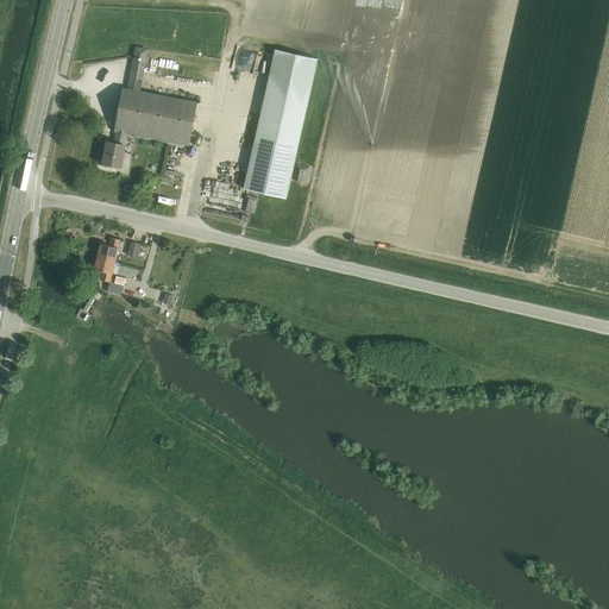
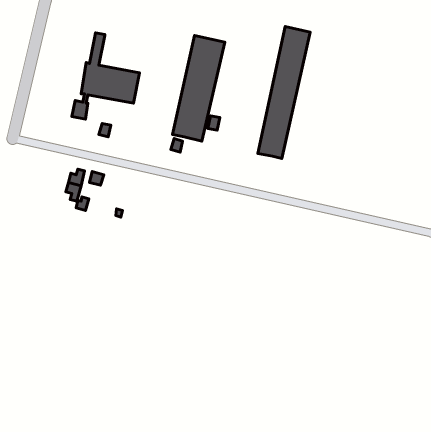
building: none -> [258,27,310,158]

